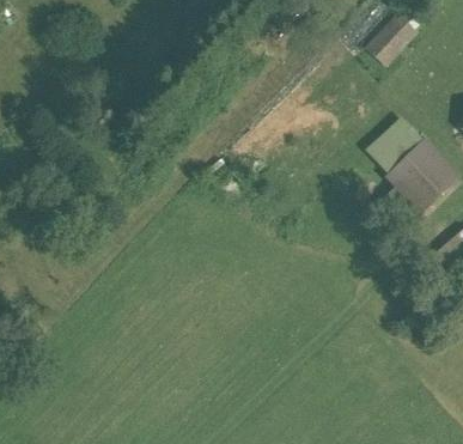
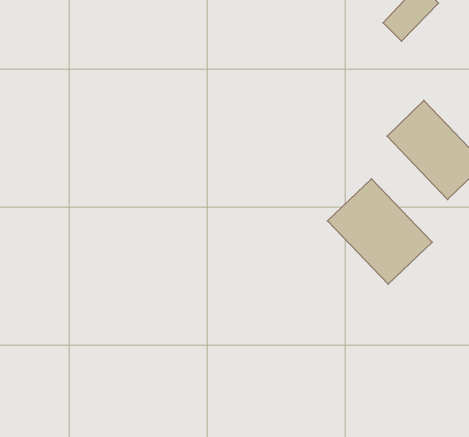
building: none -> [327,179,432,284]

